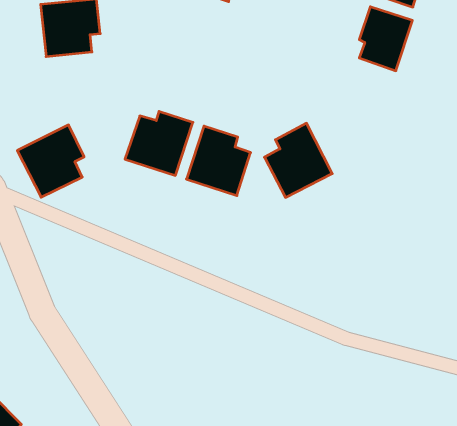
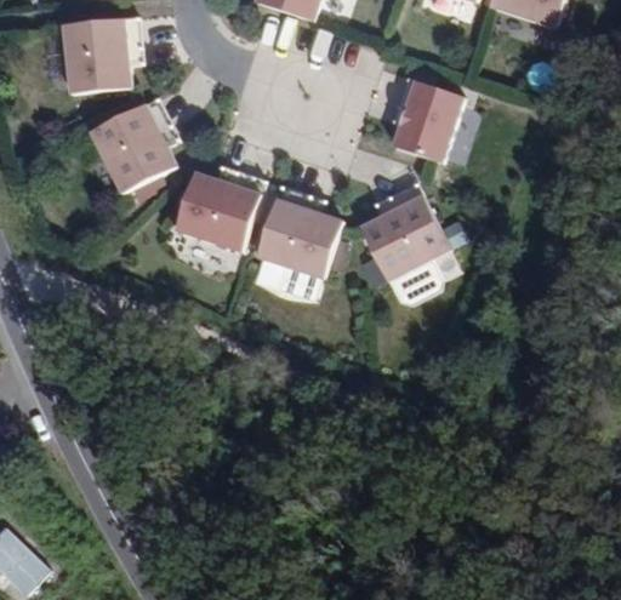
building: [359,7,412,71] -> [391,78,461,162]
building: [17,125,84,197] -> [89,97,177,193]

